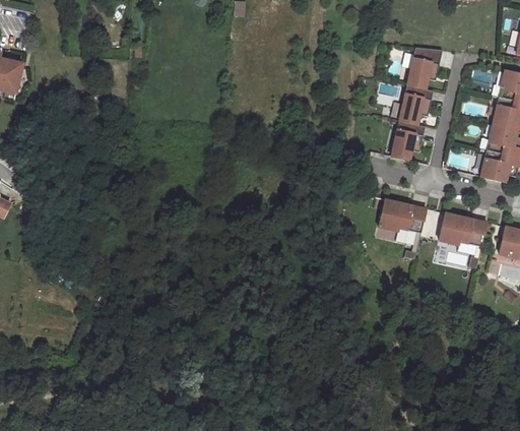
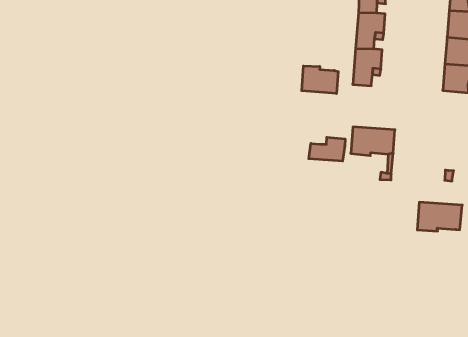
building: none -> [302,66,338,94]
building: none -> [309,137,345,161]
building: [439,212,488,246] -> [417,202,462,231]

